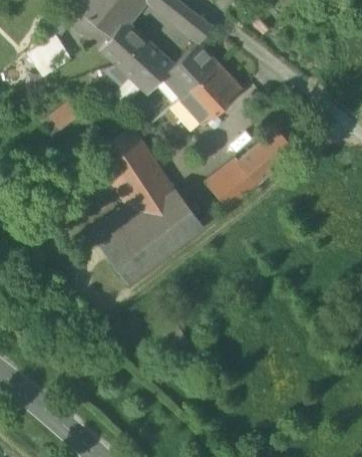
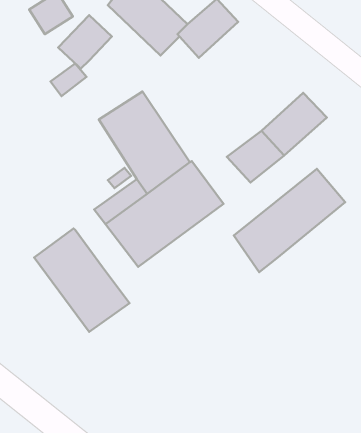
building: none -> [58,15,112,69]
building: [180,64,242,131] -> none
building: none -> [234,169,345,272]
building: none -> [34,228,129,332]

